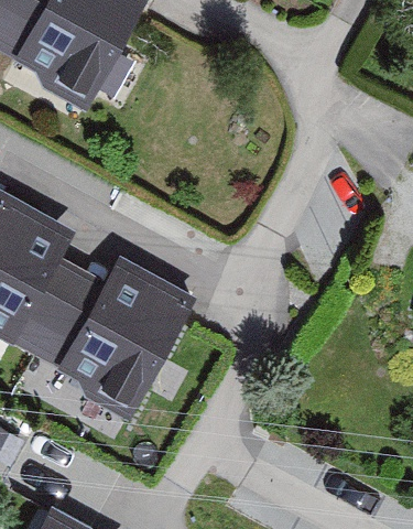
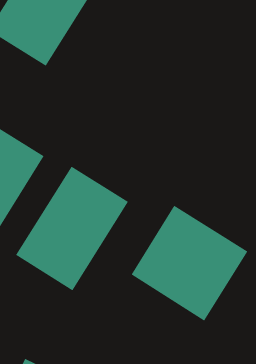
building: none -> [131,205,248,321]

